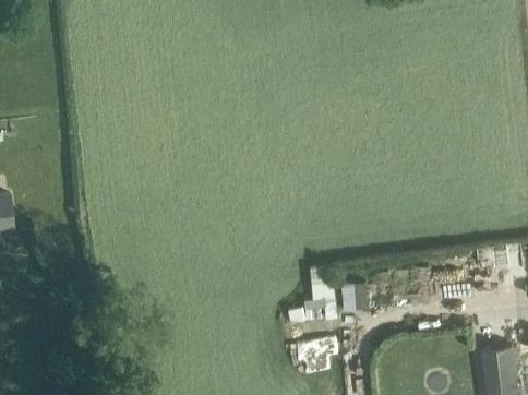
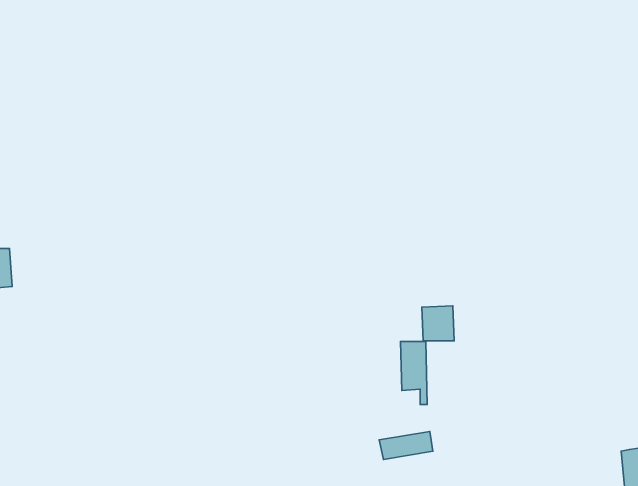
building: [344,282,369,309] -> [422,306,454,341]

